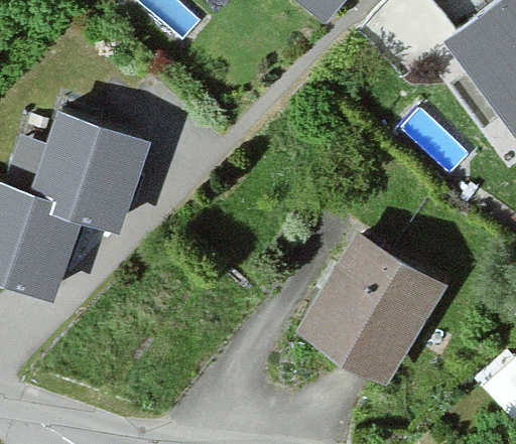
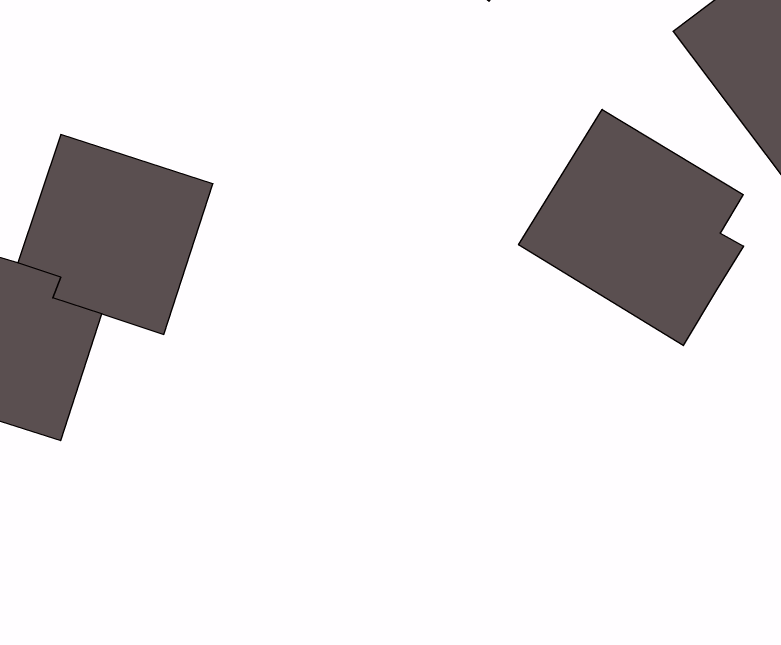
building: none -> [519,109,744,346]
building: [292,230,444,387] -> none

